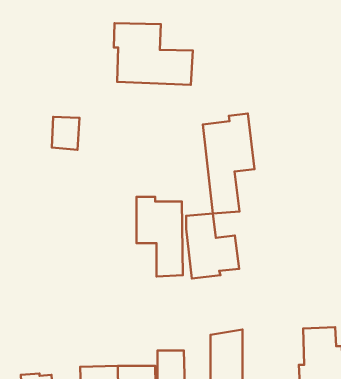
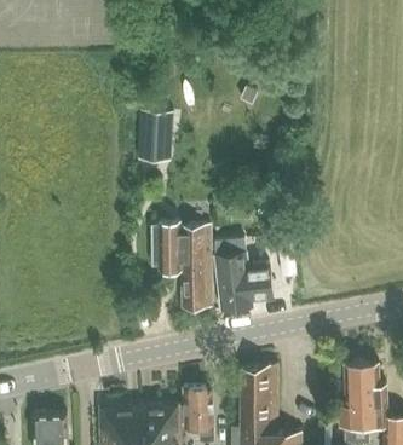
building: [114,23,193,85] -> none
building: [203,113,255,213] -> none
building: [52,117,80,150] -> [139,126,169,162]

